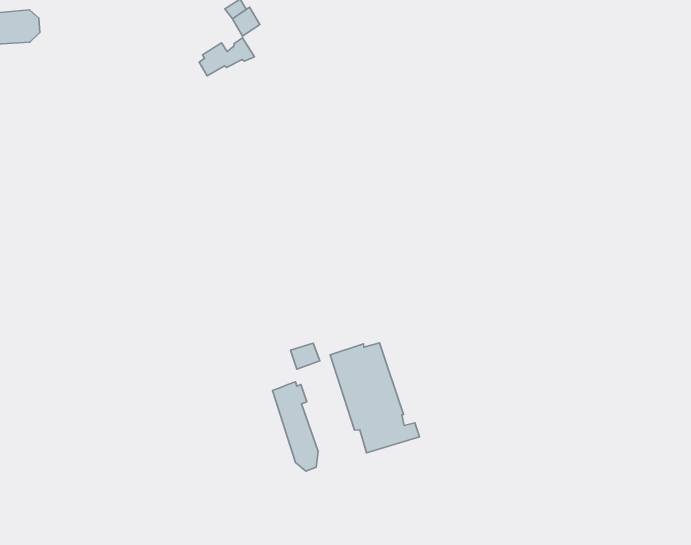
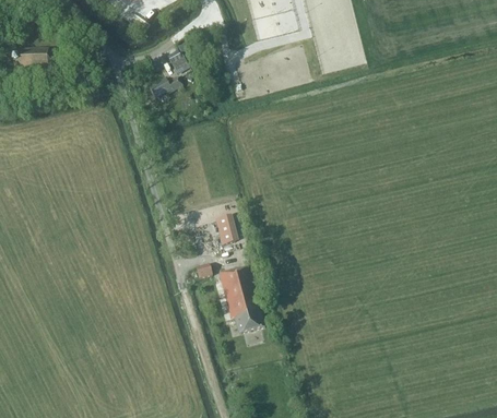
building: none -> [215,214,237,243]
building: [272,382,318,471] -> none

